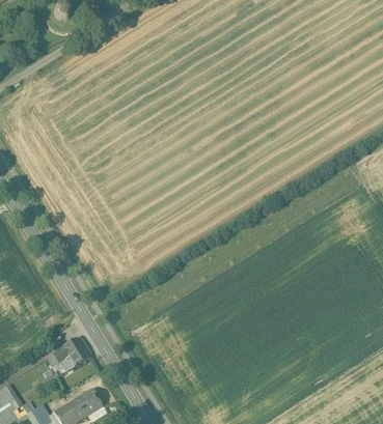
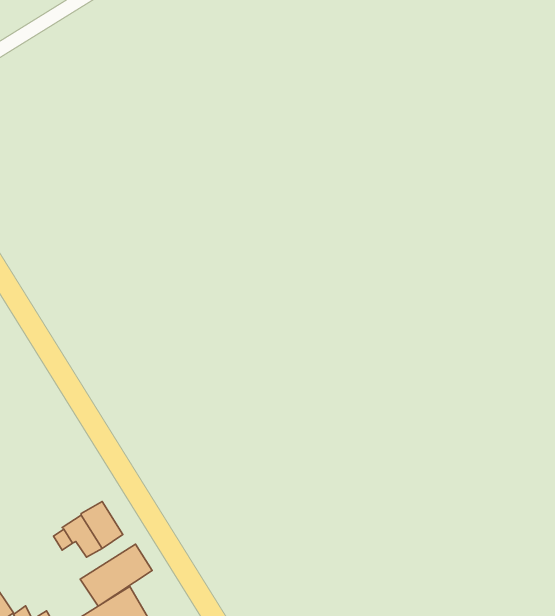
building: none -> [80,544,152,606]

